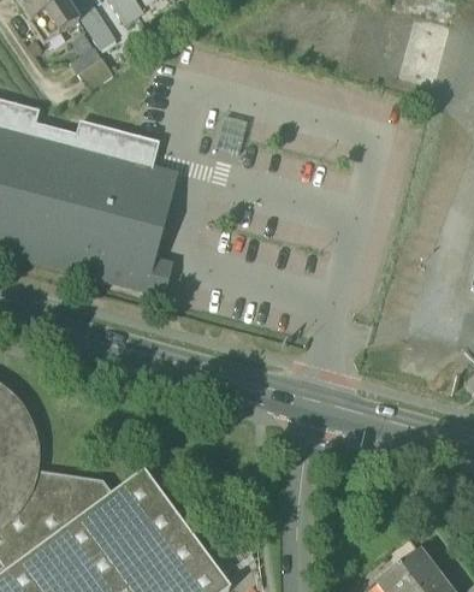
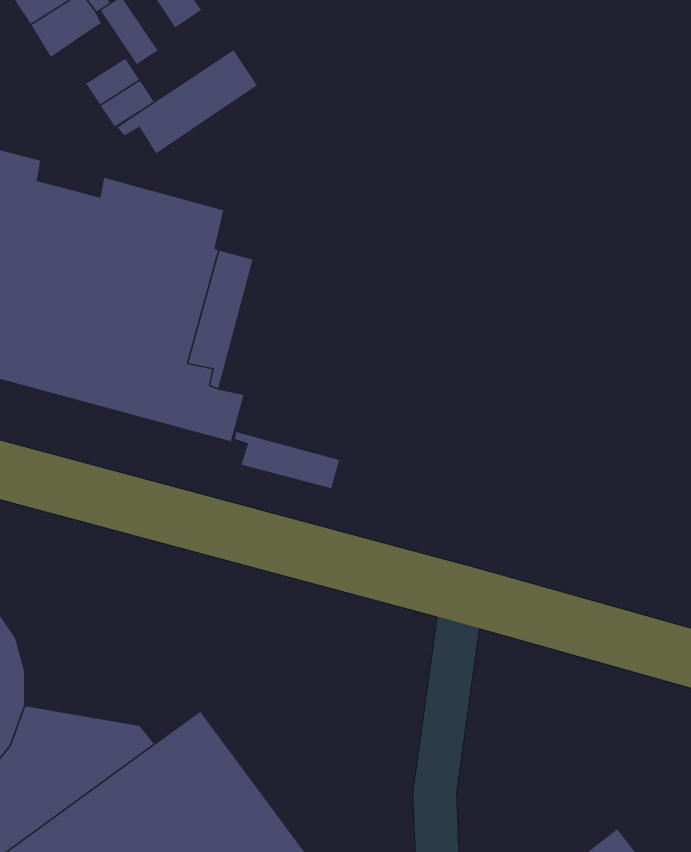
building: none -> [116,49,258,155]
building: none -> [234,431,340,489]

